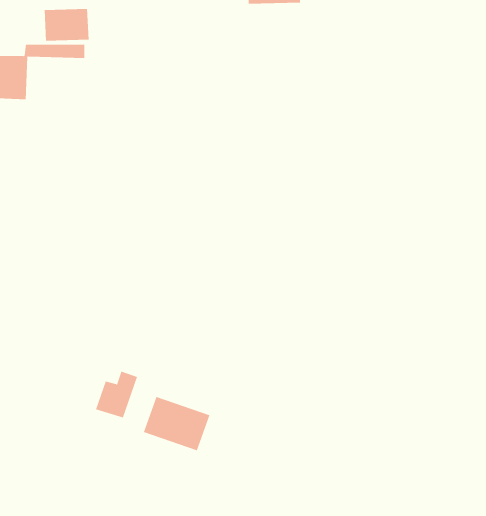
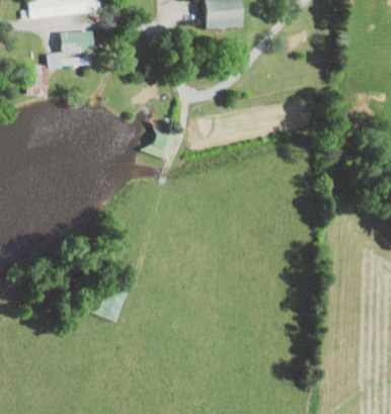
building: [143,396,210,451] -> none

